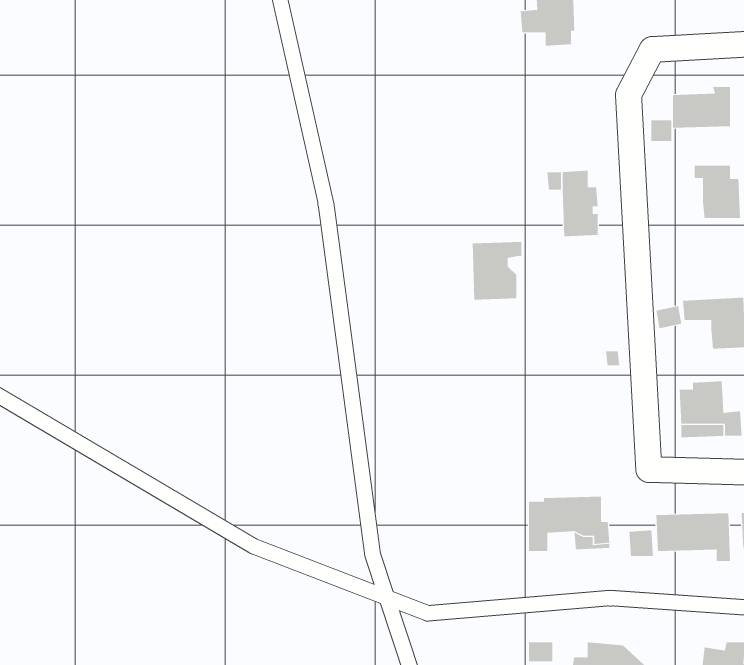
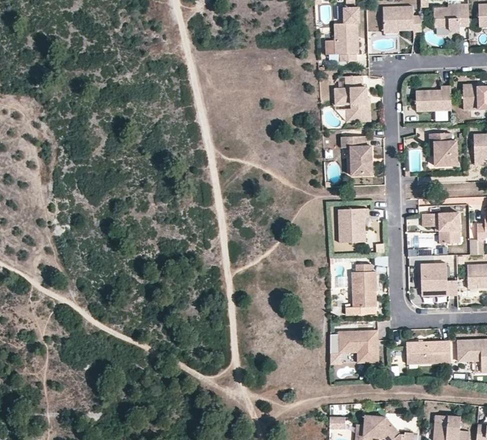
building: none -> [334,76,371,122]
building: [472,242,522,300] -> [338,208,368,243]
building: none -> [346,264,377,315]

